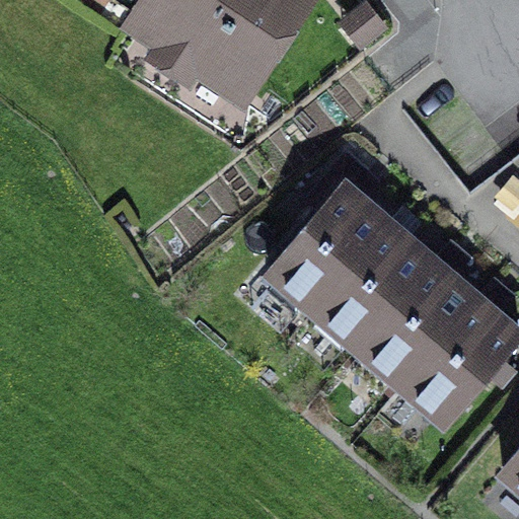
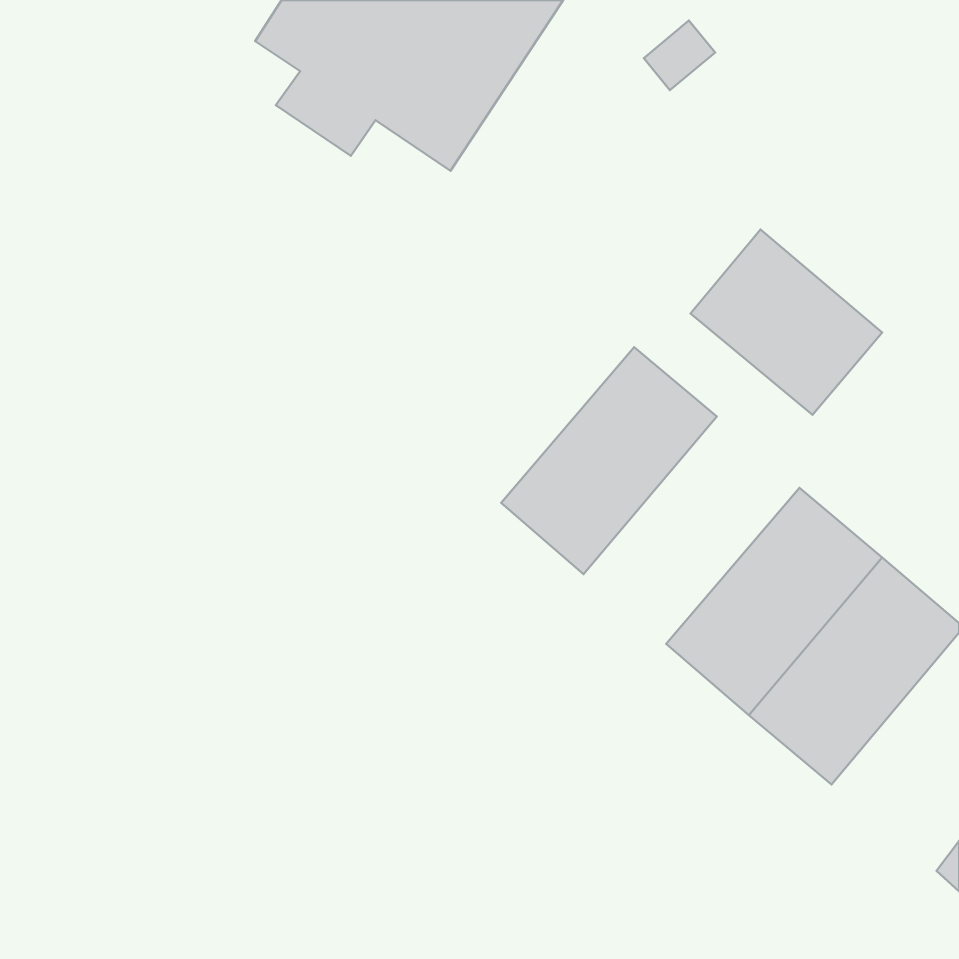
building: none -> [691,229,882,415]
building: [315,225,432,348] -> none

